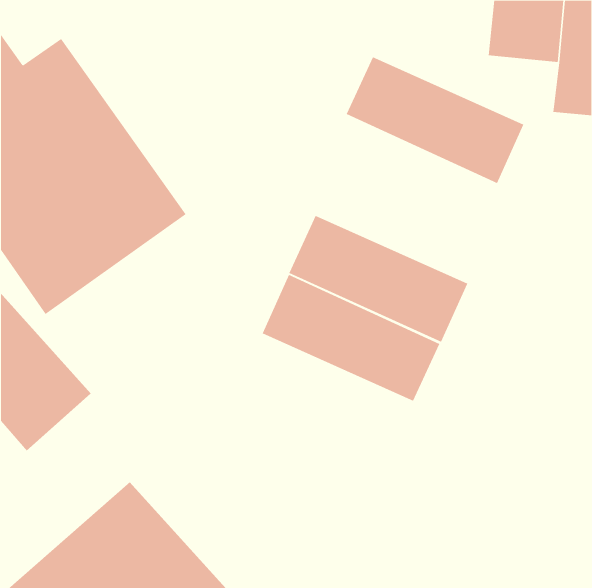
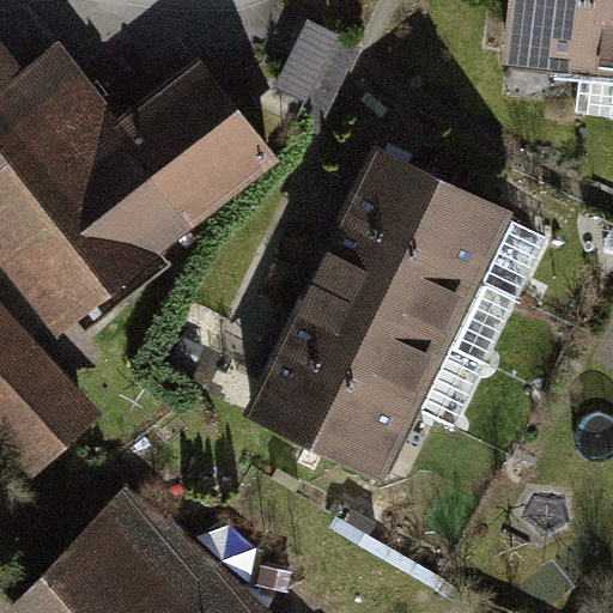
building: none -> [120,59,284,225]
building: [346,56,524,184] -> [327,165,511,297]
building: none -> [242,350,427,480]

